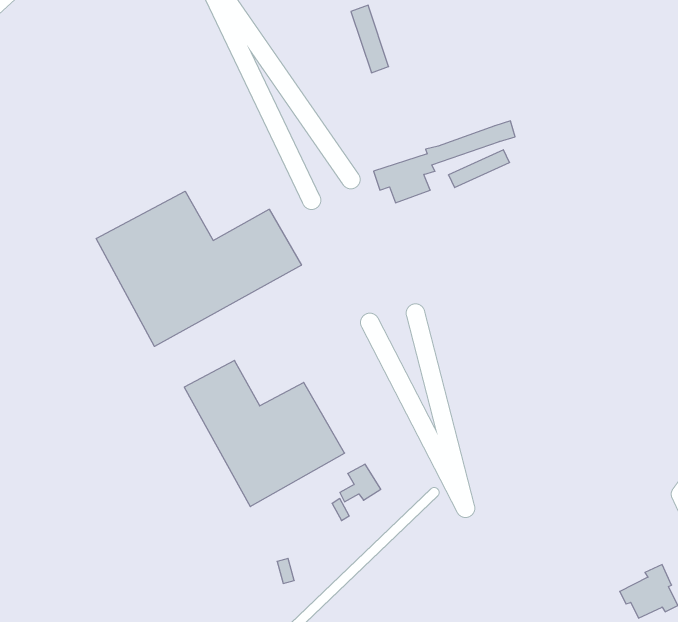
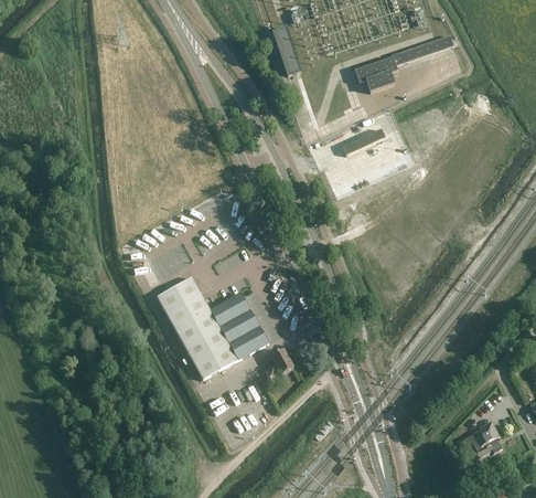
building: [374,121,515,203] -> [354,34,453,92]
building: [96,191,301,346] -> none

